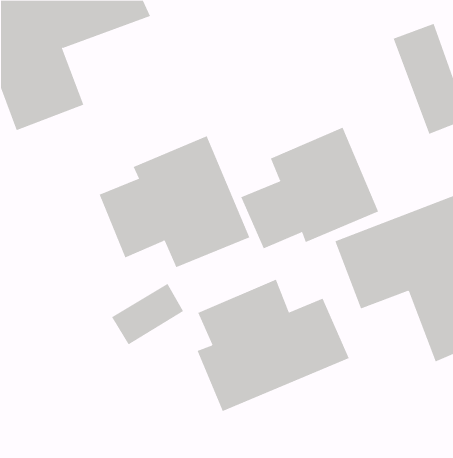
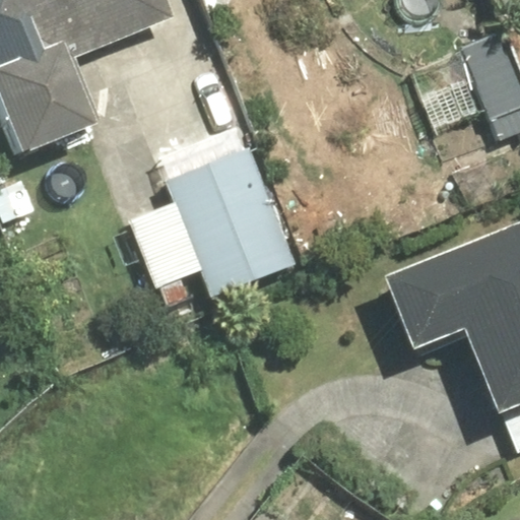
building: [240,127,379,249] -> none
building: [197,279,349,412] -> none

